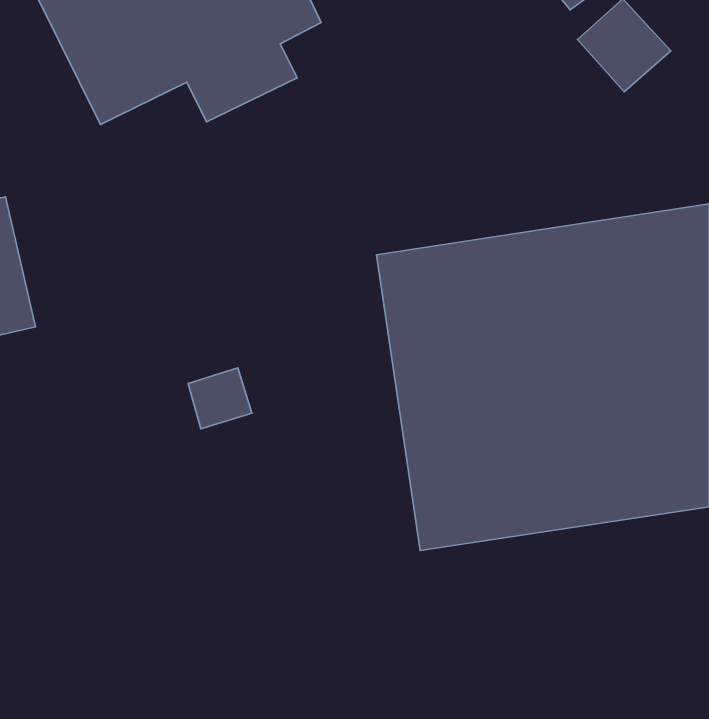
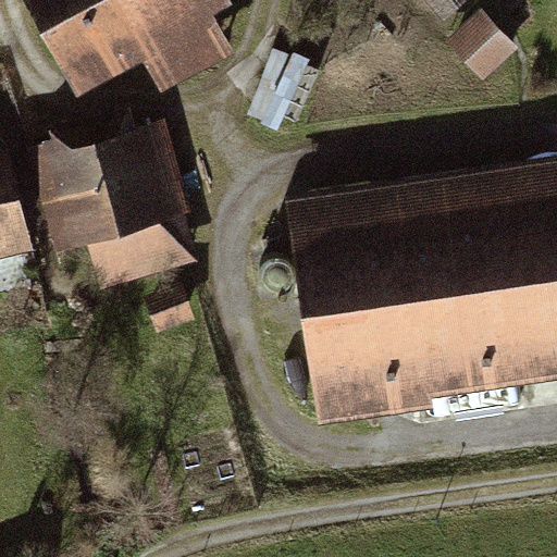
building: none -> [23,122,198,288]

